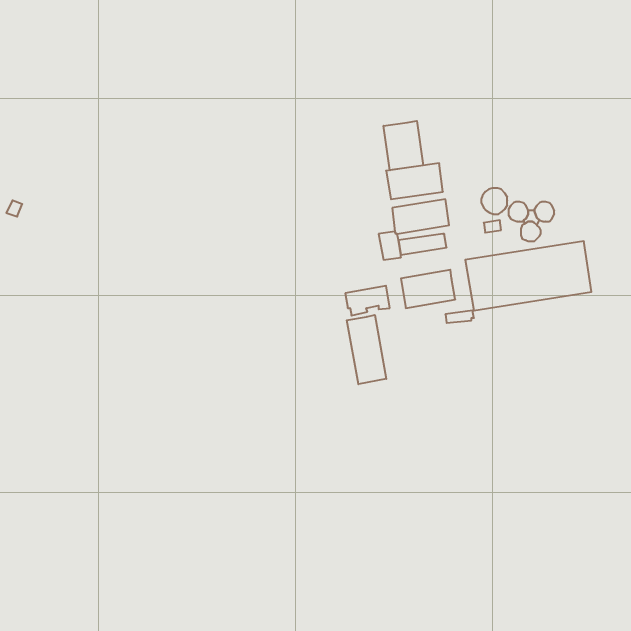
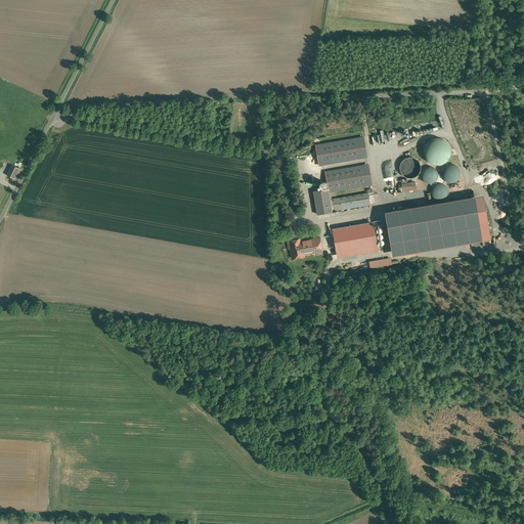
building: [384,121,423,170] -> none
building: none -> [423,136,450,164]
building: [347,315,386,384] -> none

